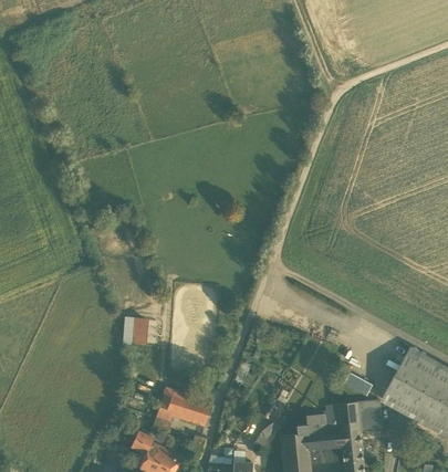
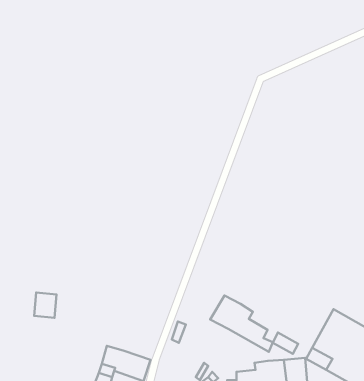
building: [121,318,145,346] -> [34,293,56,318]
building: none -> [210,296,273,352]

